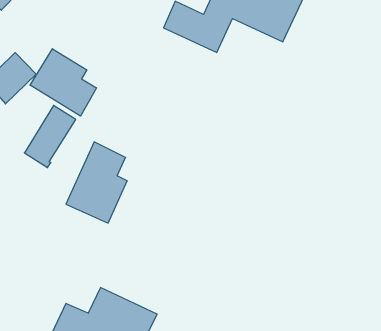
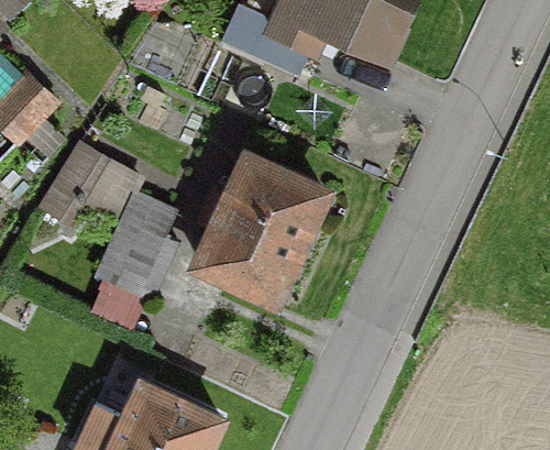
building: [30,49,96,116] -> none
building: none -> [198,156,322,296]

